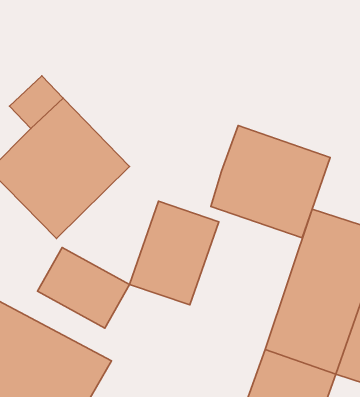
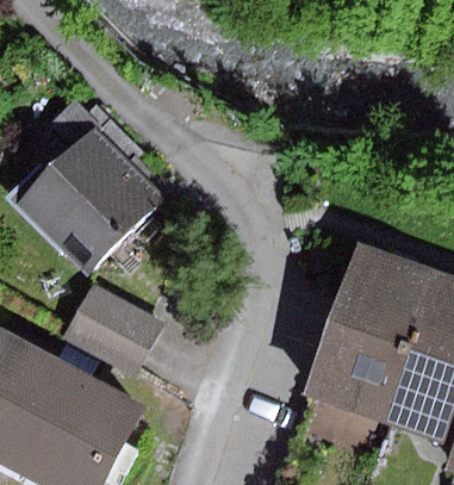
building: [211,125,330,238] -> none
building: [129,201,219,305] -> none

